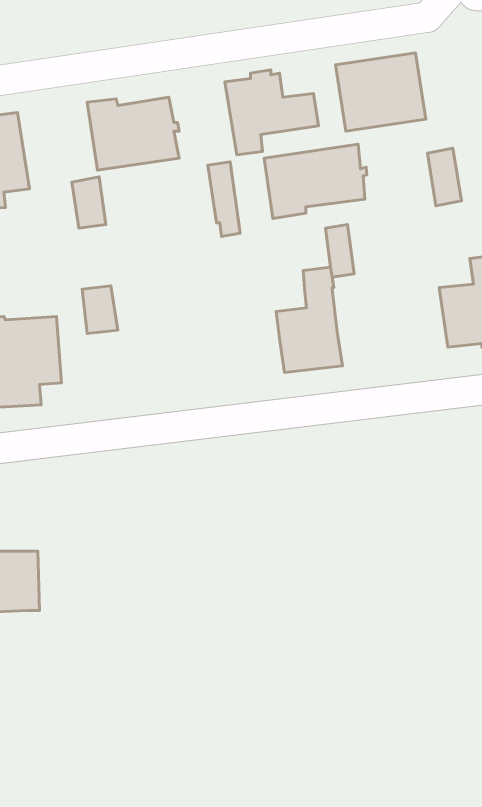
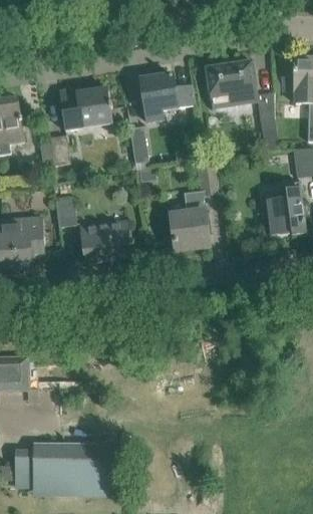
building: [264,144,367,219] -> none
building: none -> [80,222,129,262]
building: none -> [17,440,120,494]

